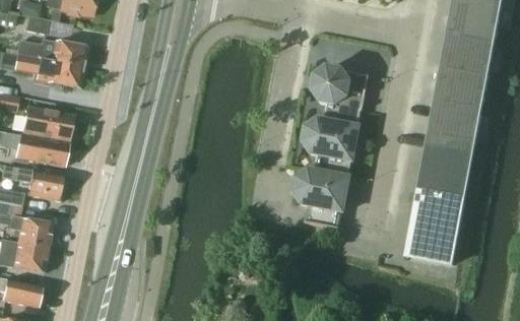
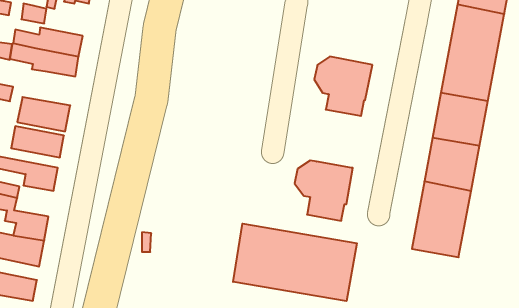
building: [302,117,359,175] -> none
building: none -> [233,224,357,301]

